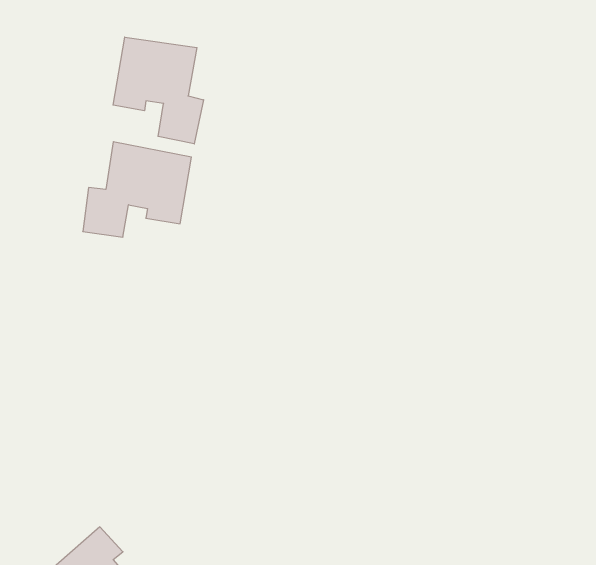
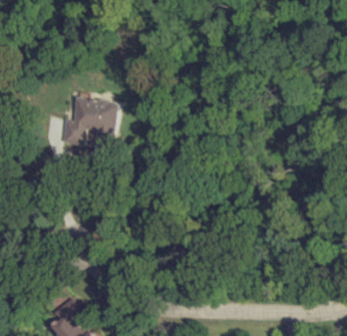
building: [113,37,204,144] -> none

